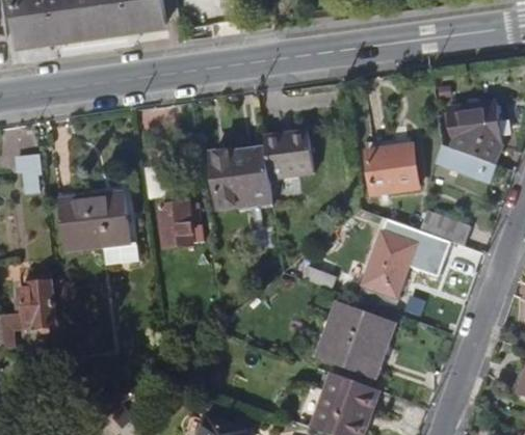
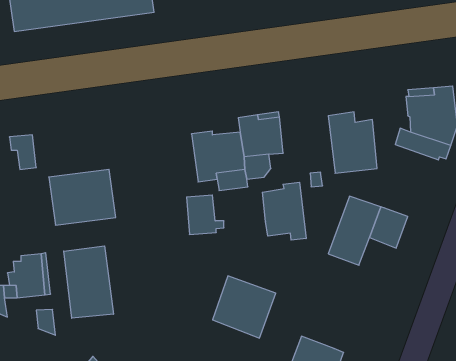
building: [160,206,201,248] -> [187,195,224,234]
building: none -> [262,182,306,240]
building: [421,213,469,248] -> none
building: none -> [64,246,113,318]
building: [320,308,389,376] -> [213,276,276,338]

